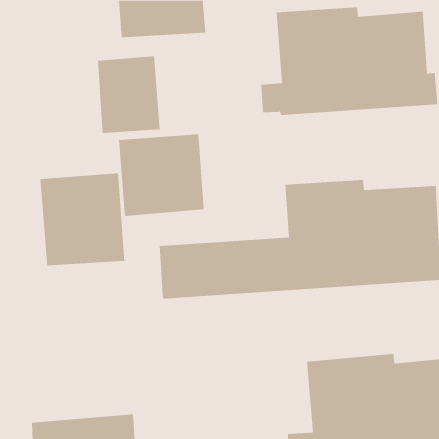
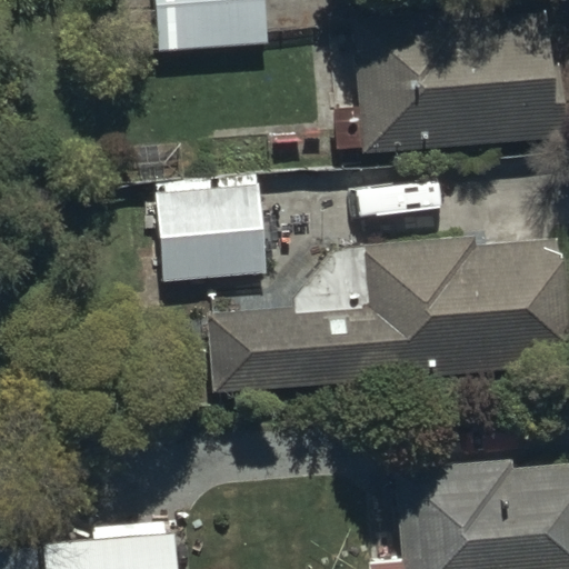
building: [98,55,160,134] -> none
building: [40,173,125,266] -> none

